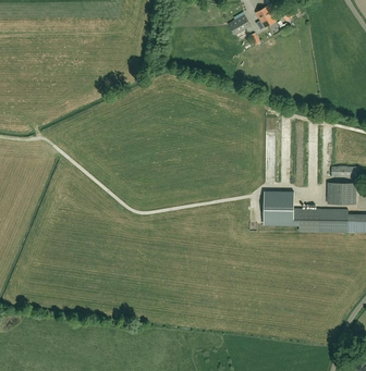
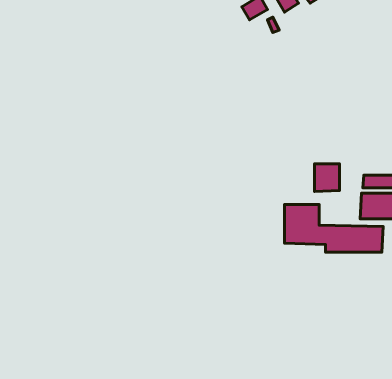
building: none -> [315,164,340,192]

